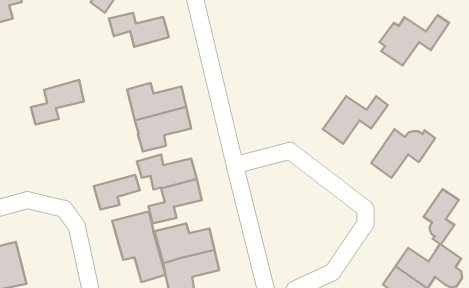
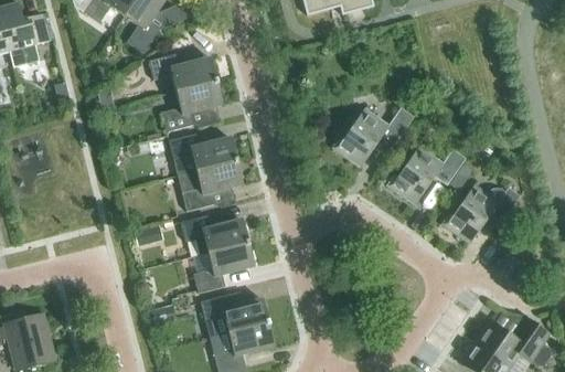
building: [379,15,449,66] -> [334,107,414,164]
building: [31,80,84,125] -> [161,81,222,131]
building: [94,175,140,210] -> none
building: [424,189,459,245] -> none
building: [112,212,166,282] -> none

